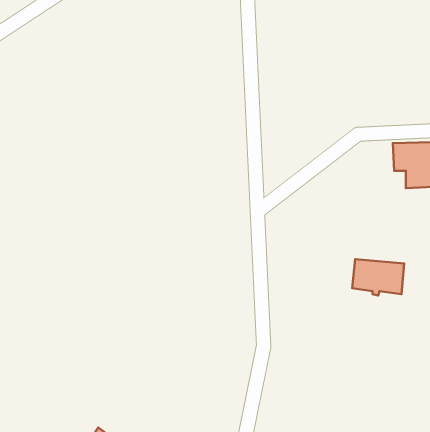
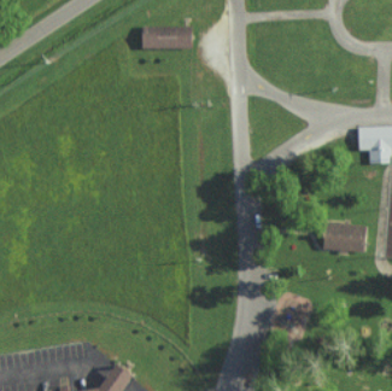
building: none -> [142,27,192,48]

